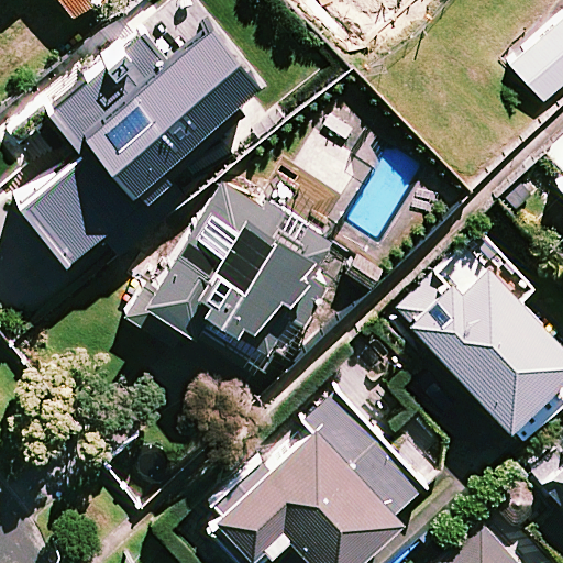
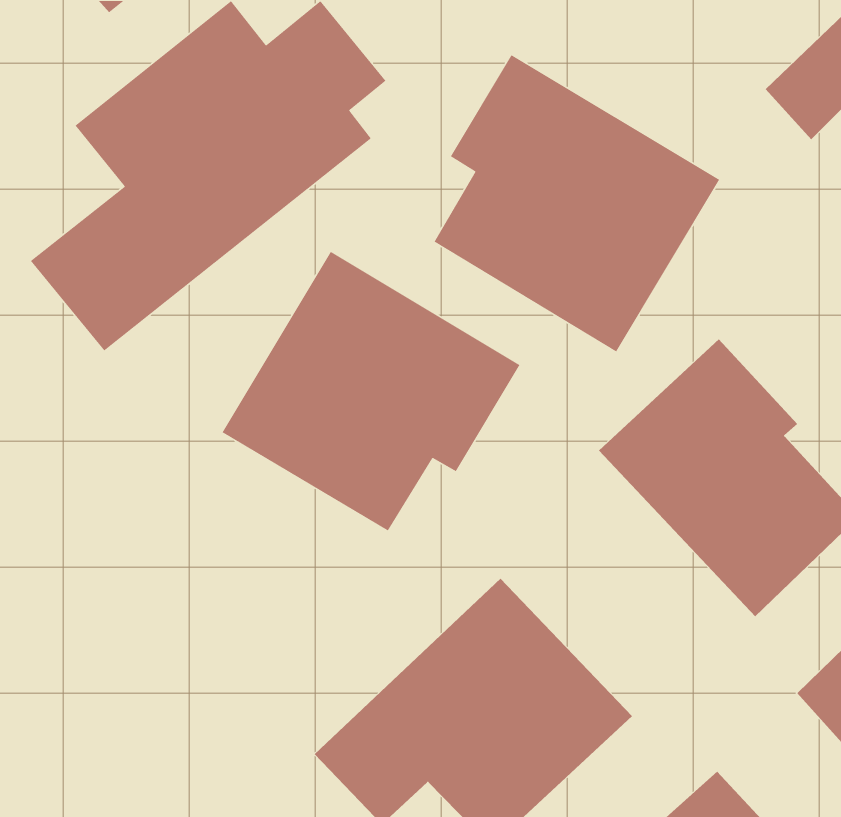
building: none -> [434,54,720,352]

